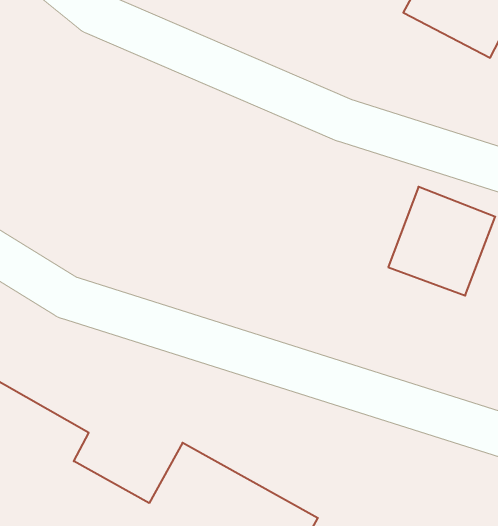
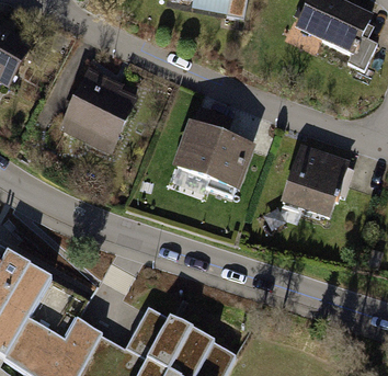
building: none -> [57,65,135,141]
building: none -> [171,113,254,185]

